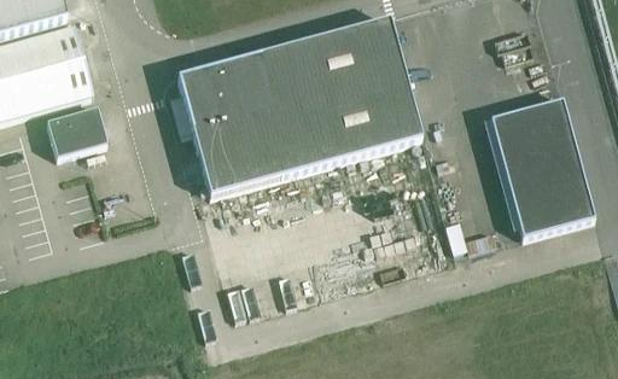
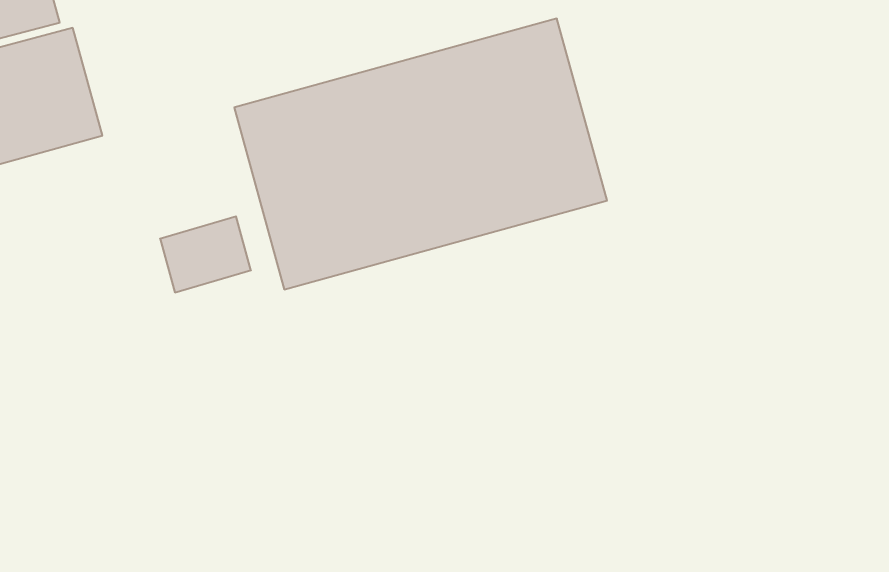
building: [491,98,593,235] -> none
building: [47,104,106,153] -> [160,216,251,292]

